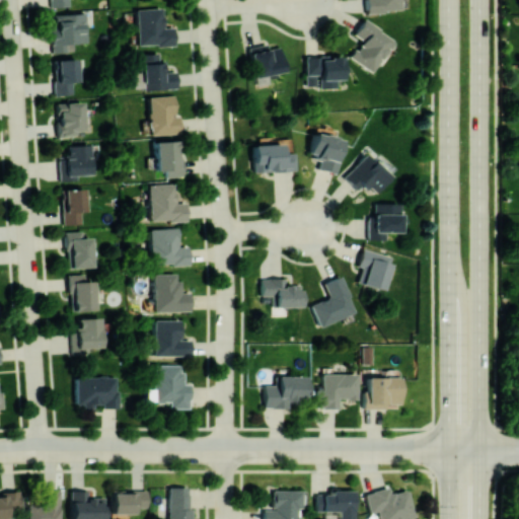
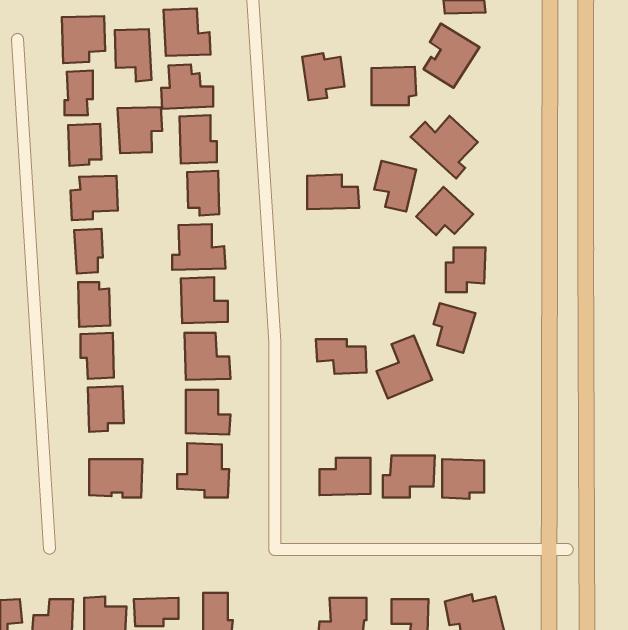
building: none -> [115,29,151,82]
building: none -> [118,107,162,153]
building: none -> [411,116,478,178]

